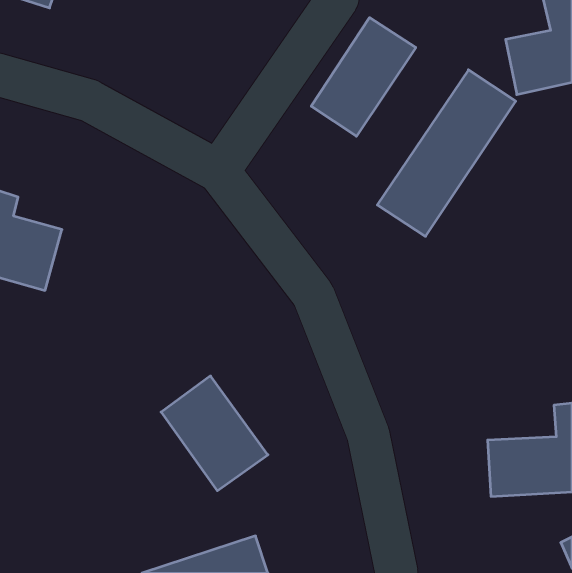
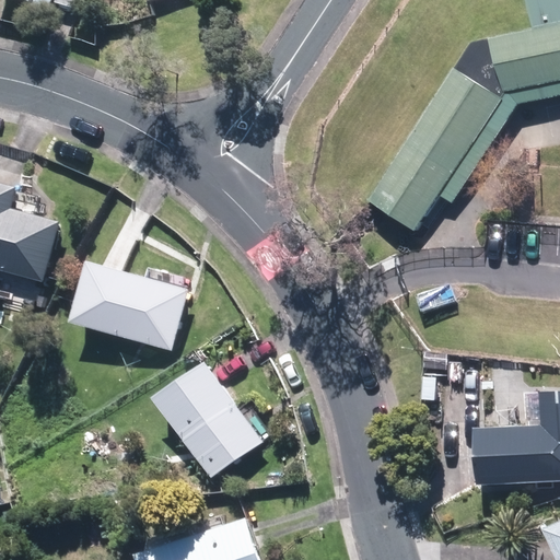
building: [311,18,416,136] -> none
building: none -> [73,265,187,350]

